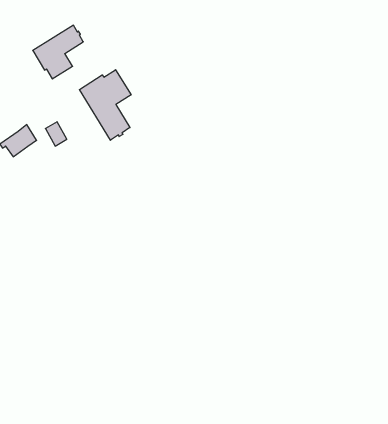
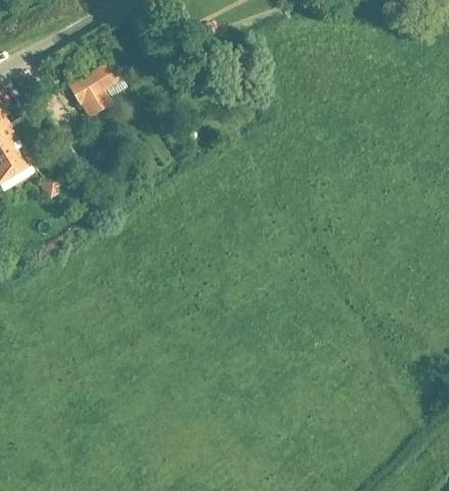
building: [79,70,131,140] -> none

